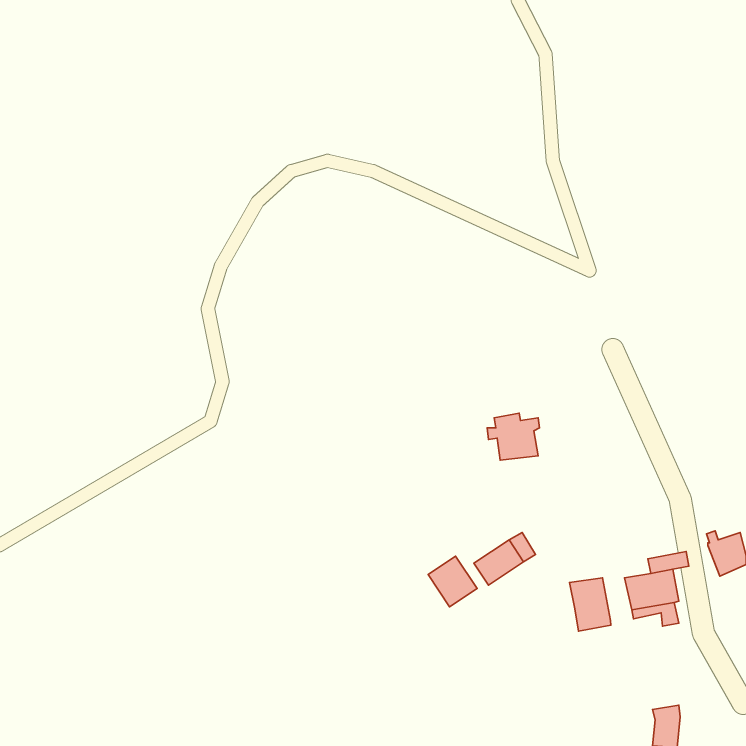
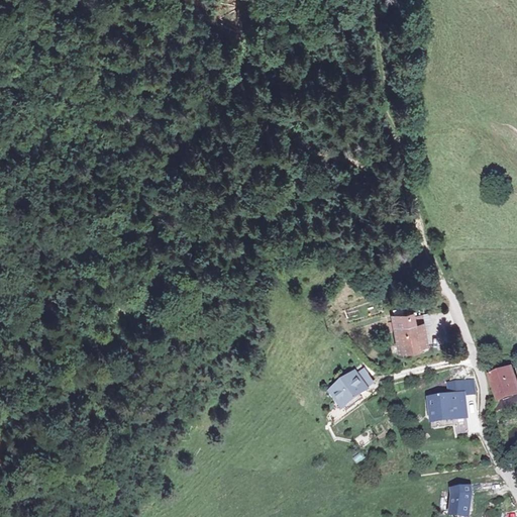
building: [487,413,540,460] -> [391,314,427,346]
building: [428,556,477,607] -> none
building: [570,578,611,631] -> none

